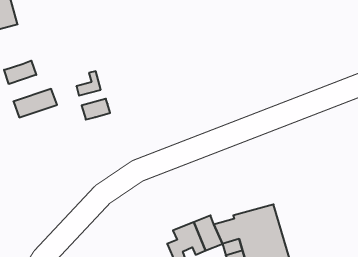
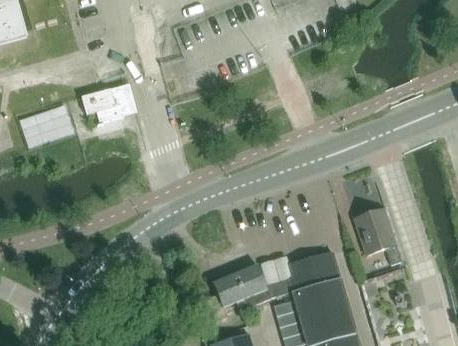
building: [4,61,36,84] -> none
building: [82,99,110,120] -> [81,87,115,112]
building: none -> [354,207,402,263]

